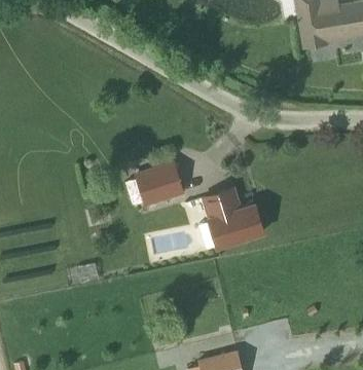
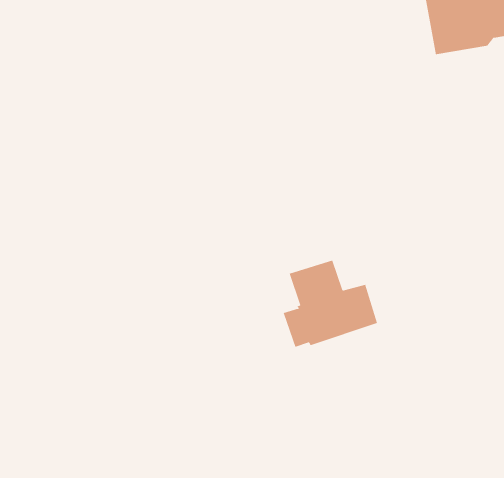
building: [136,162,184,205] -> none

